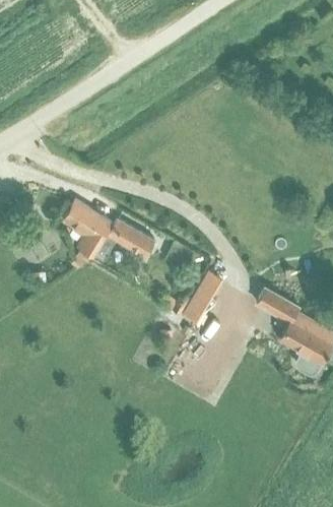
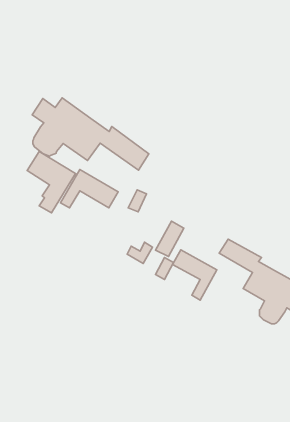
building: none -> [32,98,149,170]
building: none -> [173,250,217,300]

